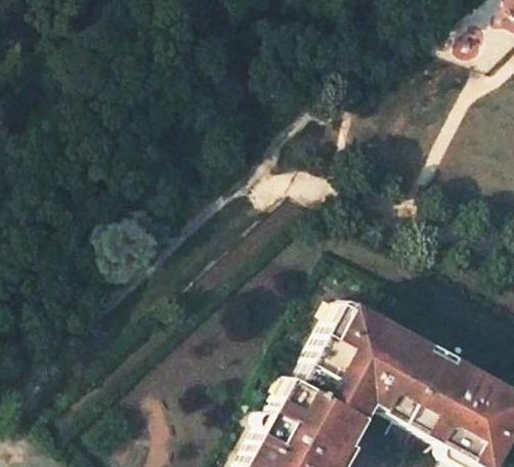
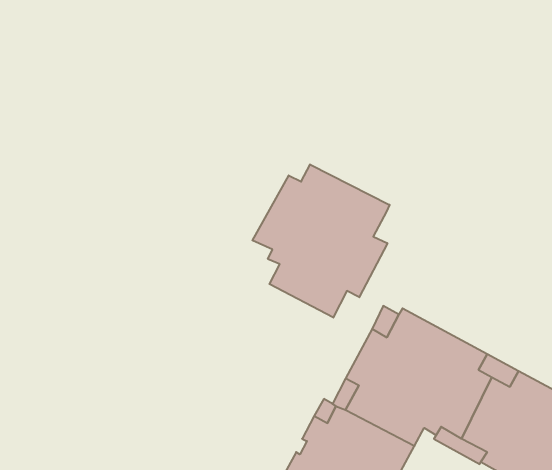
building: none -> [252,164,390,318]

